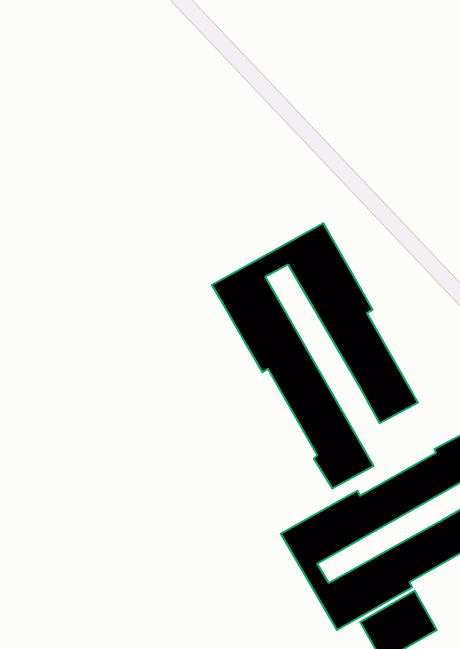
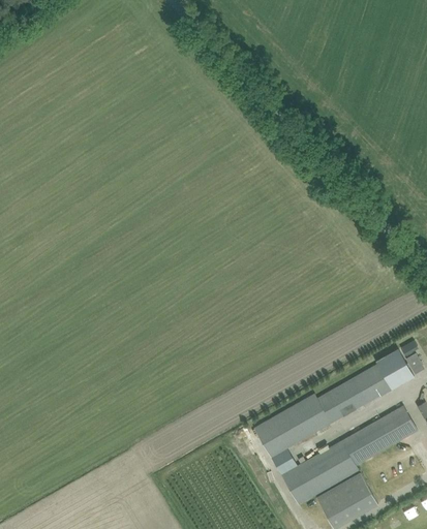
building: [212,223,418,489] -> none

